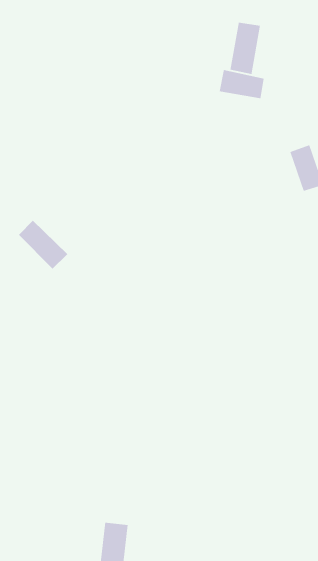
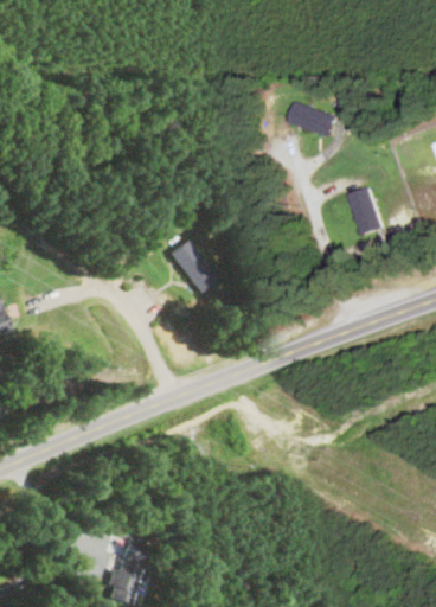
building: [230,22,261,75] -> none
building: [18,220,68,269] -> [165,241,212,293]

